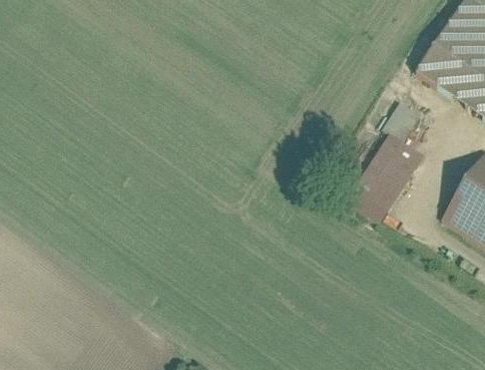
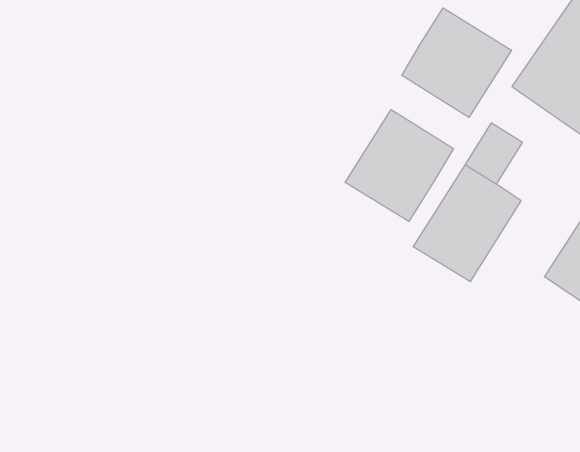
building: none -> [402,8,512,117]
building: none -> [345,110,453,221]

